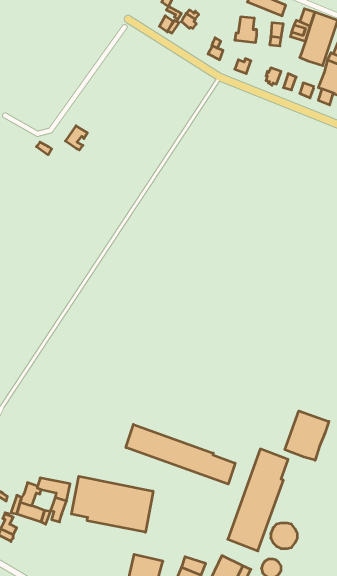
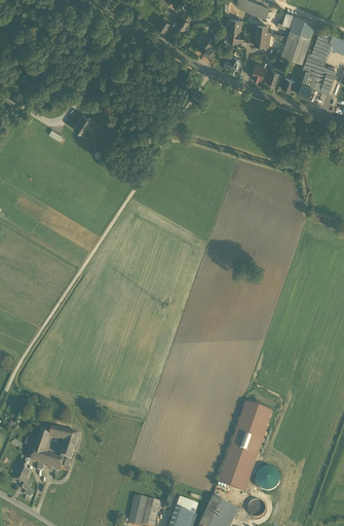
building: [285,411,329,460] -> none
building: [126,424,235,484] -> none
building: [71,476,153,532] -> none

